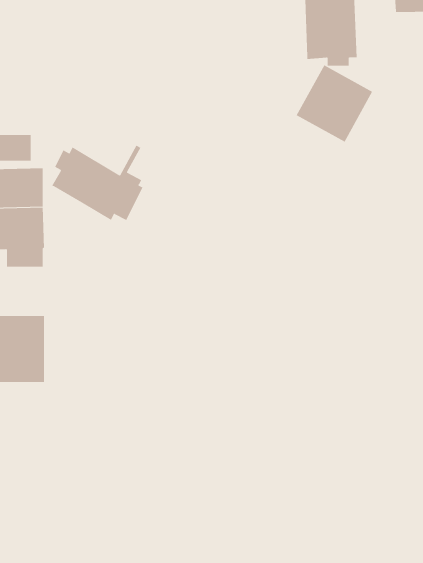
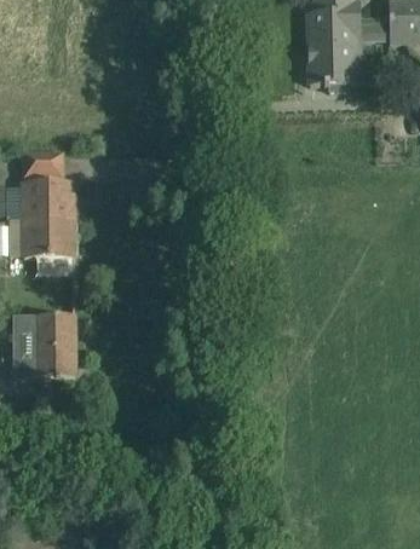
building: [296,65,373,143] -> none
building: [52,145,143,221] -> none

